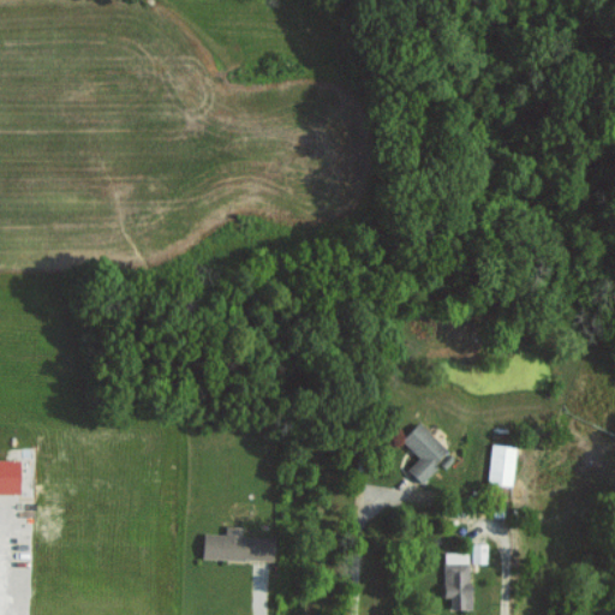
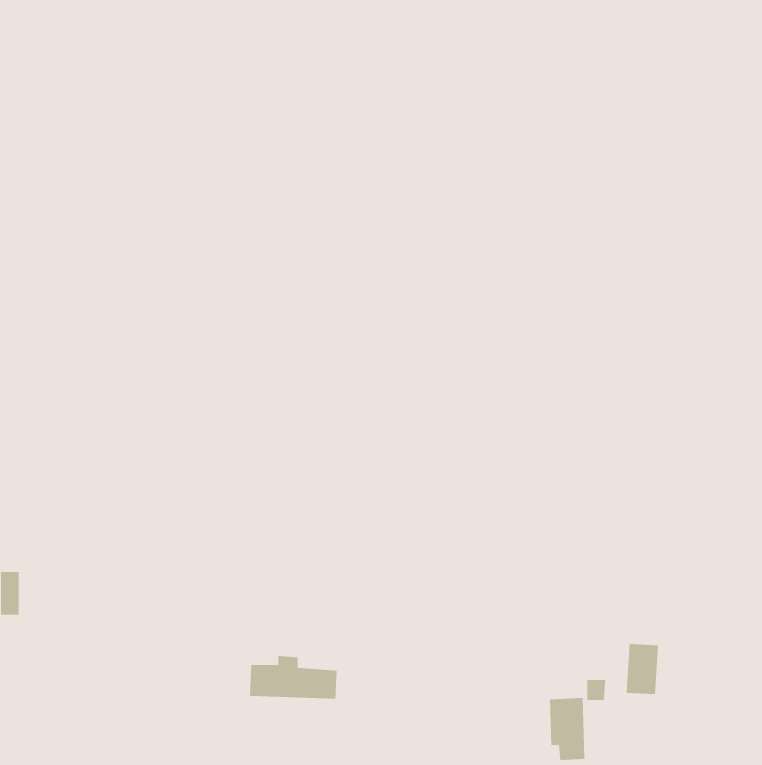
building: [401,423,447,484] -> none
building: [489,444,515,485] -> [626,644,659,695]

